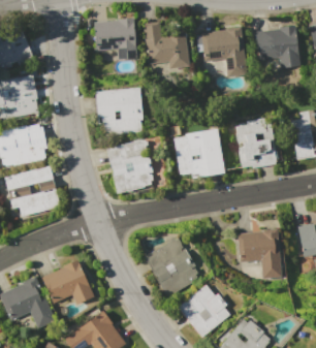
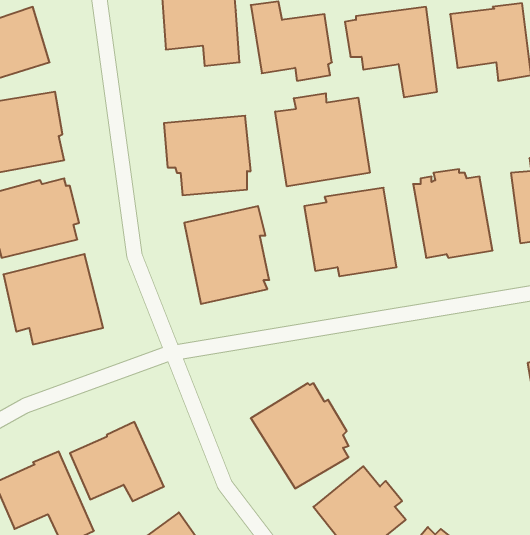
building: none -> [275,93,370,186]
building: [238,228,283,278] -> none

